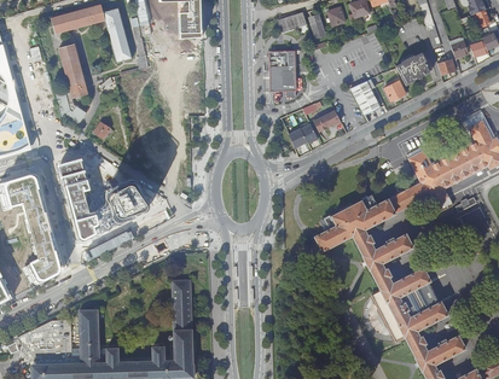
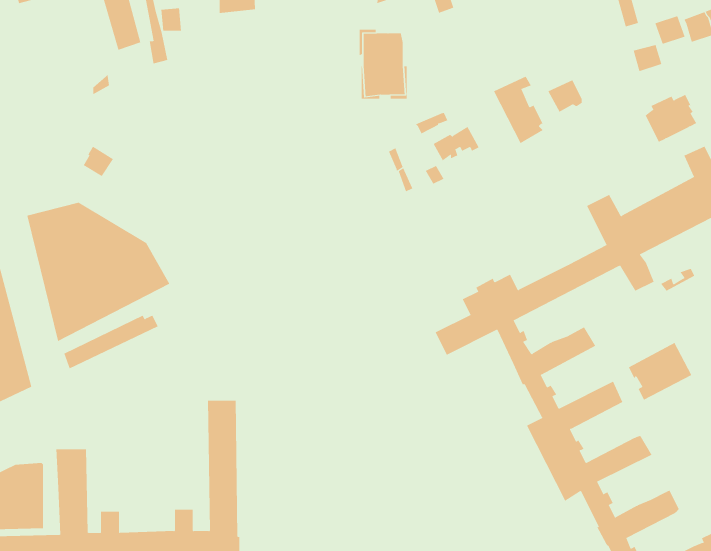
building: [56,43,88,126] -> none
building: [398,53,430,83] -> [645,94,697,143]
building: [399,281,439,317] -> [628,342,692,400]

